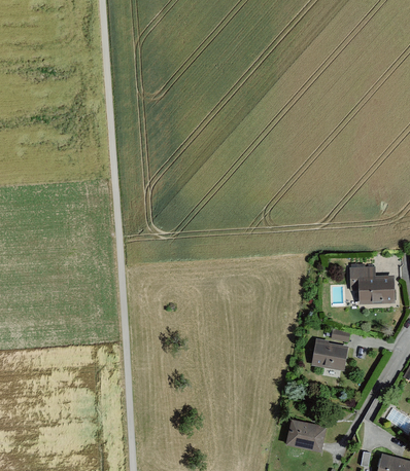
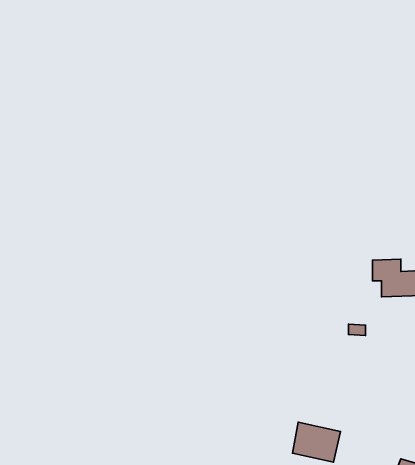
building: [309,338,350,371] -> none

